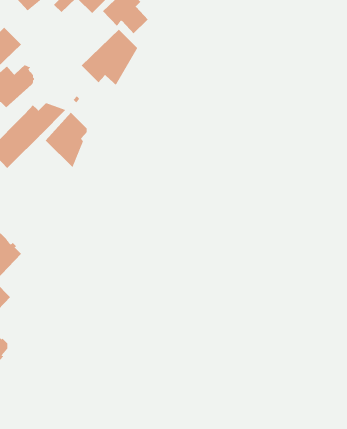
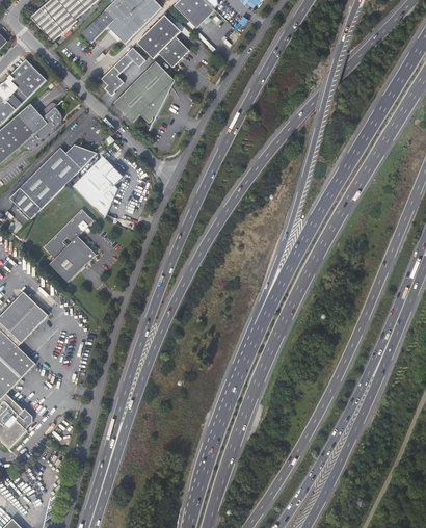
building: none -> [99,47,148,99]
building: none -> [42,208,95,282]

